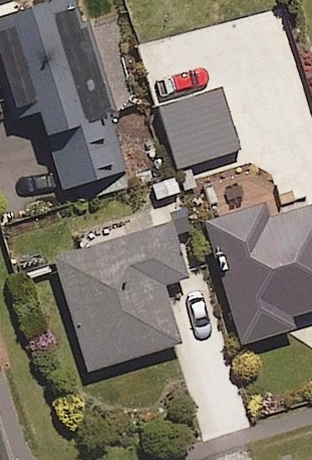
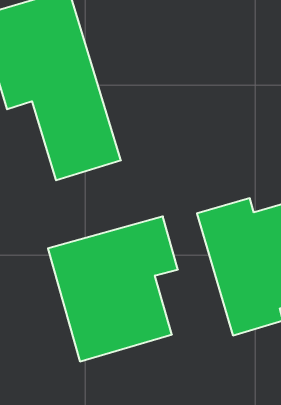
building: [158,81,241,165] -> none

